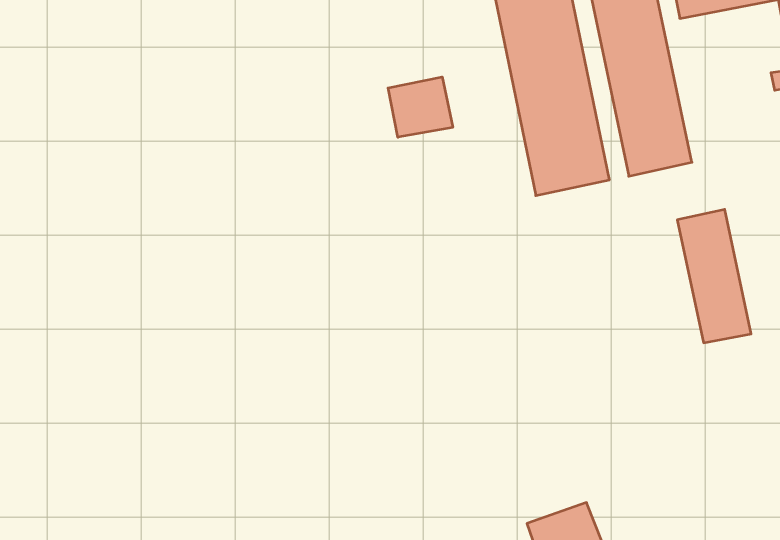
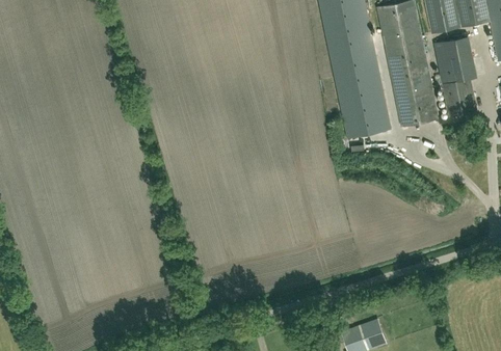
building: [388,77,453,137] -> none
building: [677,209,751,343] -> [433,37,477,116]

